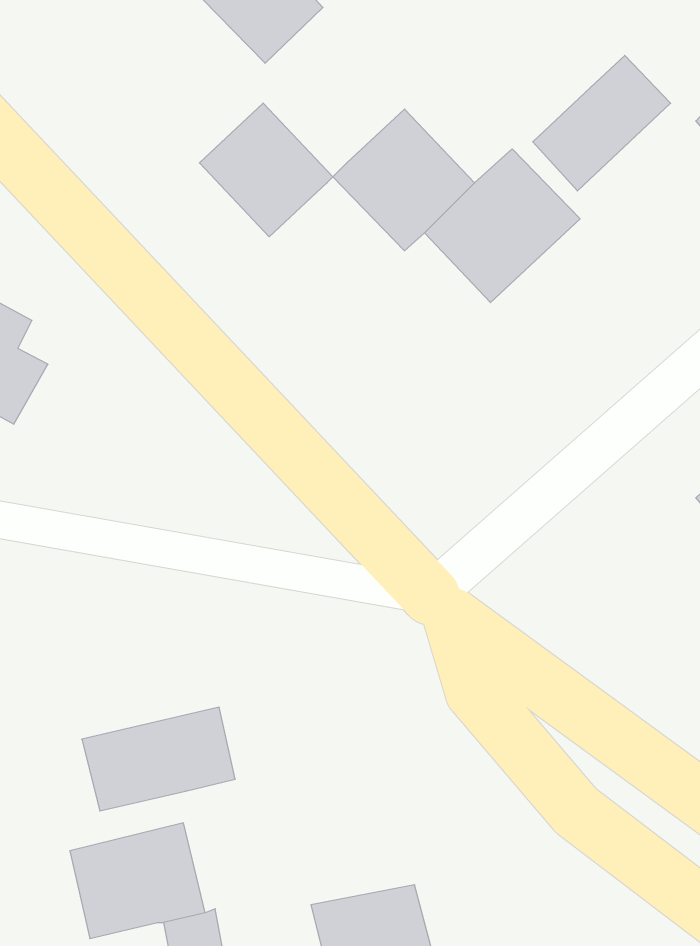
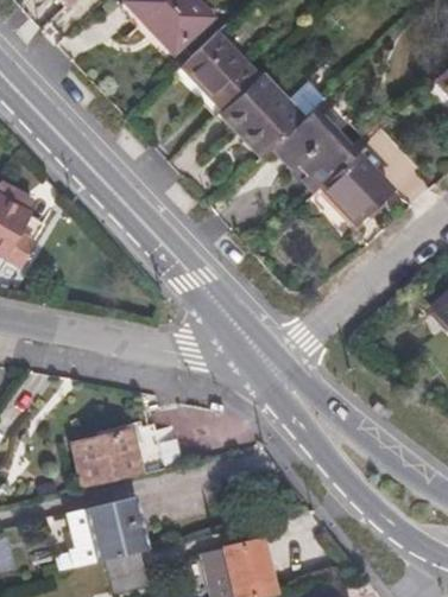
building: [533,55,671,191] -> none
building: [199,103,333,237] -> [182,26,261,106]
building: none -> [321,153,387,218]

